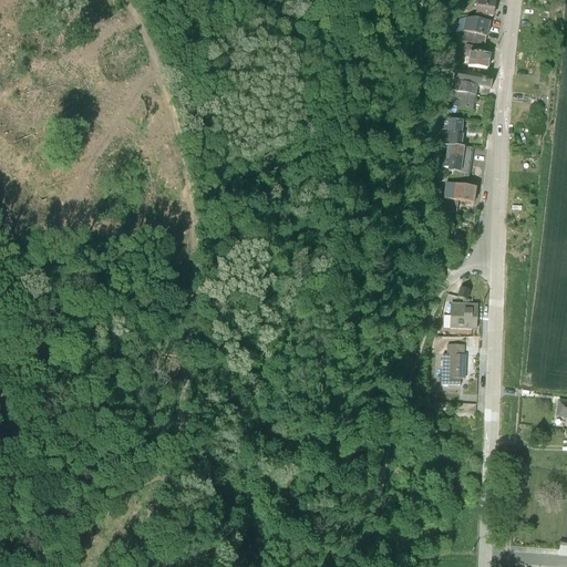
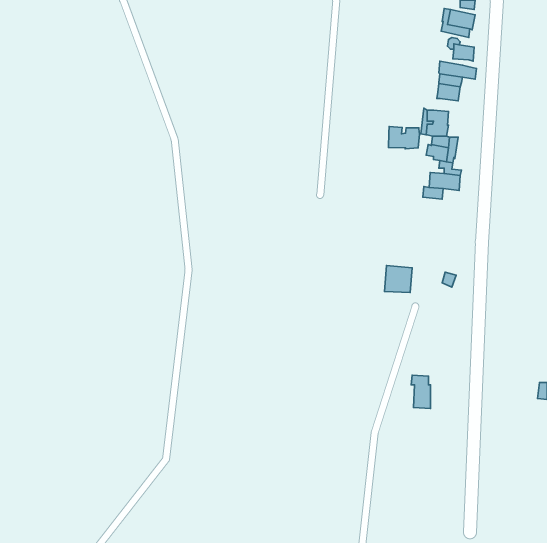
building: none -> [389,127,420,149]
building: [450,302,478,330] -> [384,266,412,292]
building: [446,344,466,379] -> [411,375,430,408]

